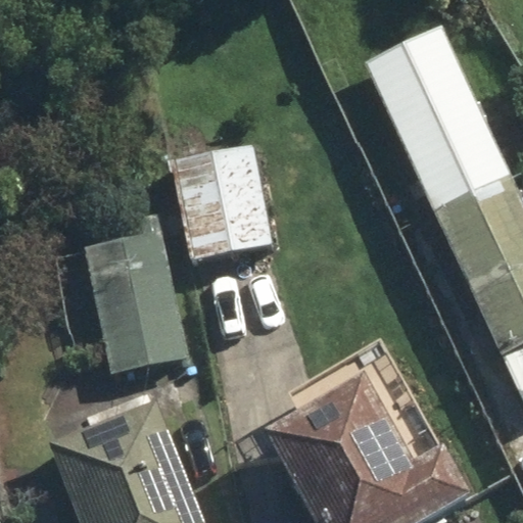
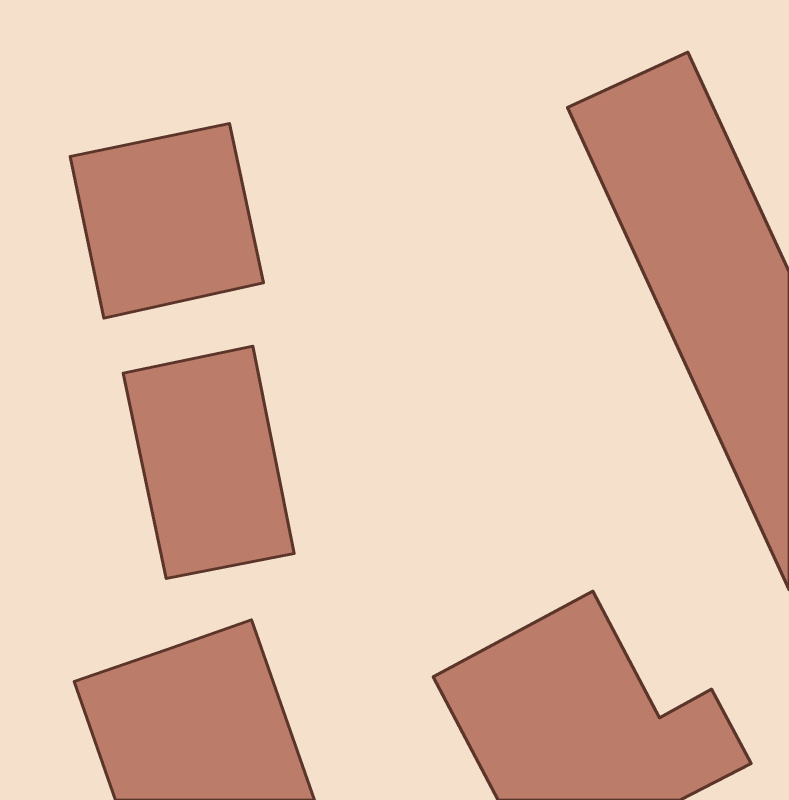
building: none -> [70,123,264,318]
building: [175,135,273,258] -> none

